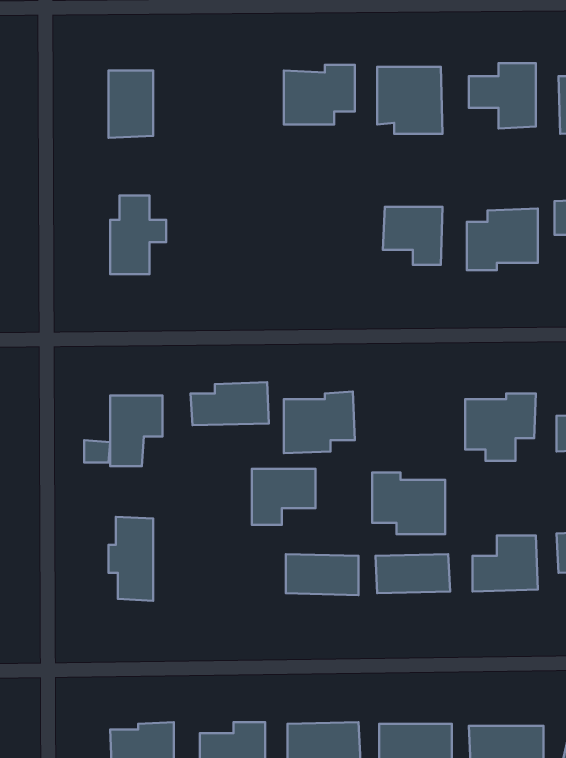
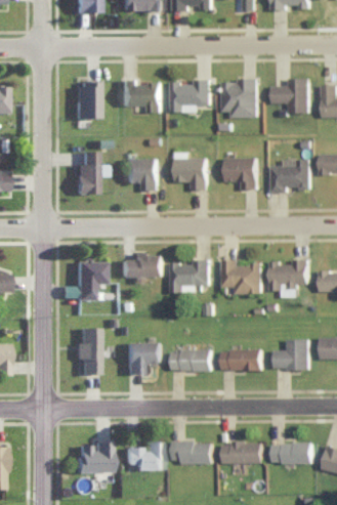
building: none -> [123,80,162,113]
building: none -> [176,153,208,191]
building: none -> [127,158,159,191]
building: [252,469,315,525] -> [127,342,162,373]
building: [372,472,445,534] -> [223,260,263,294]

